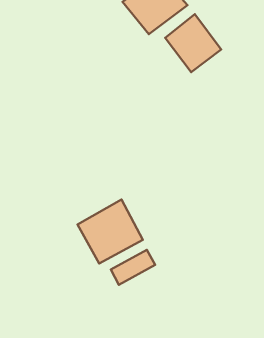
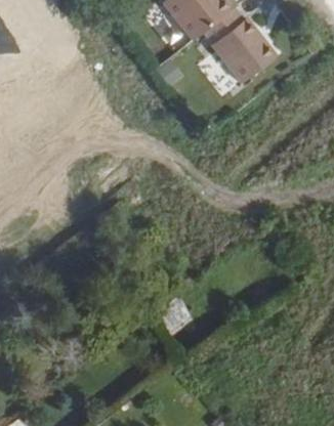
building: [77,200,143,264] -> none

